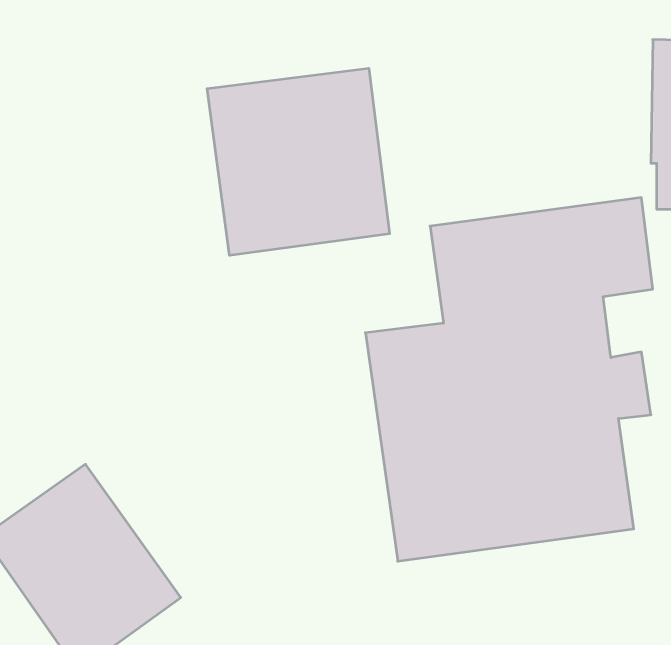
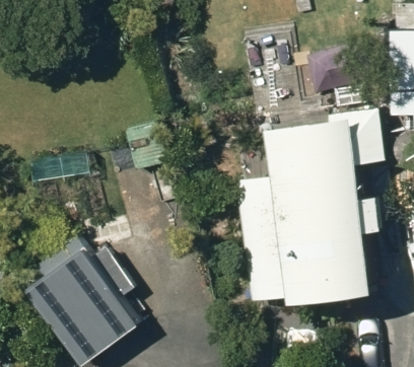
building: [207,68,390,255] -> none

